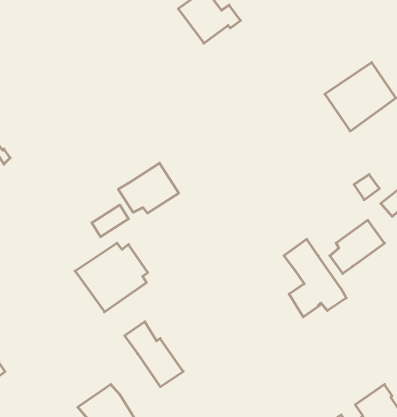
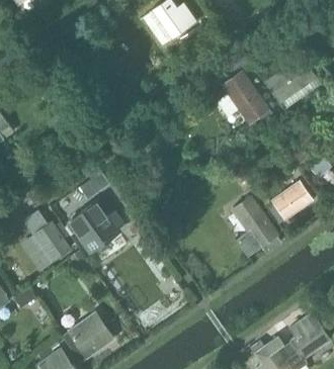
building: none -> [216,71,273,130]
building: [118,163,179,213] -> none
building: [125,322,183,387] -> [22,210,69,262]

